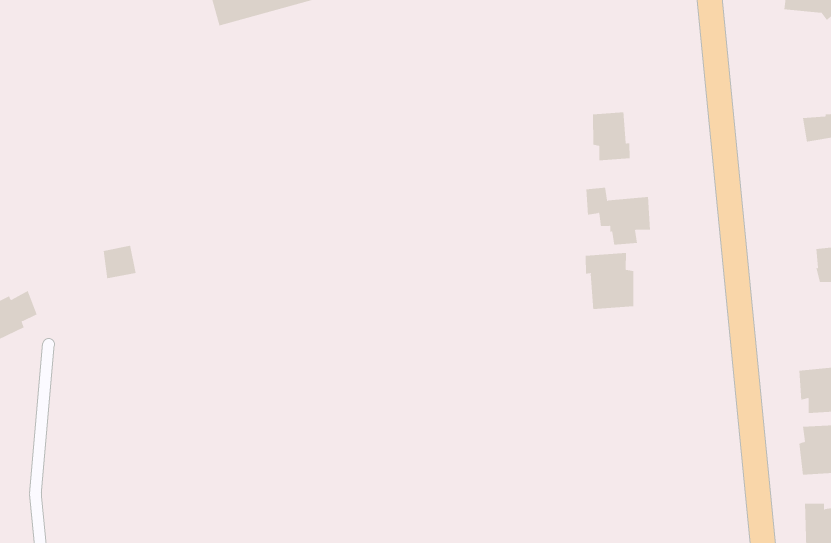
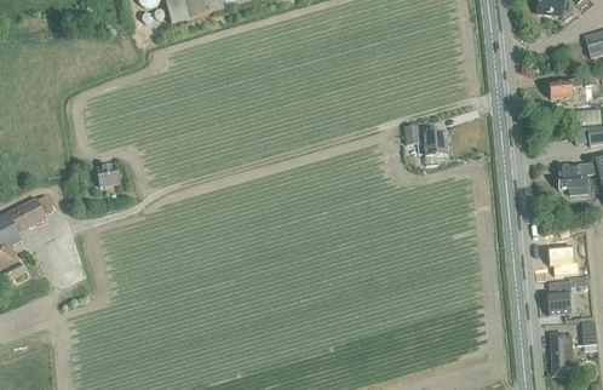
building: [593,112,630,161] -> none
building: [585,252,634,310] -> none

